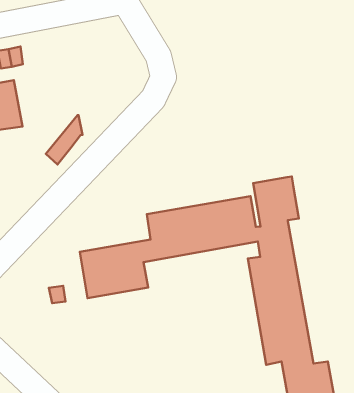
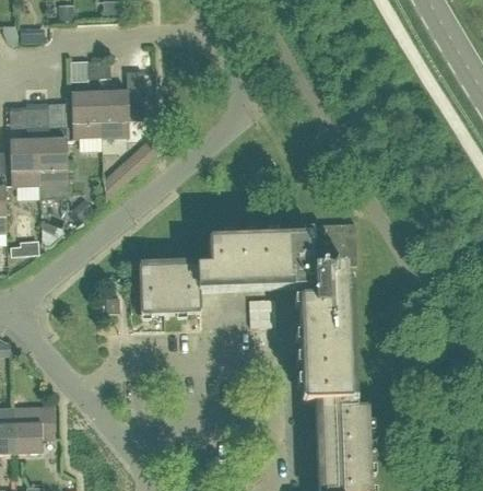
building: none -> [98,91,143,137]

